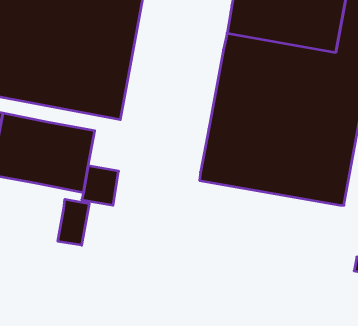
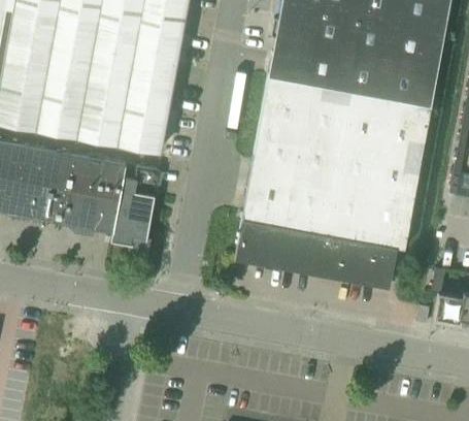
building: none -> [119,164,160,209]
building: none -> [236,220,401,287]
building: [58,199,89,245] -> none

